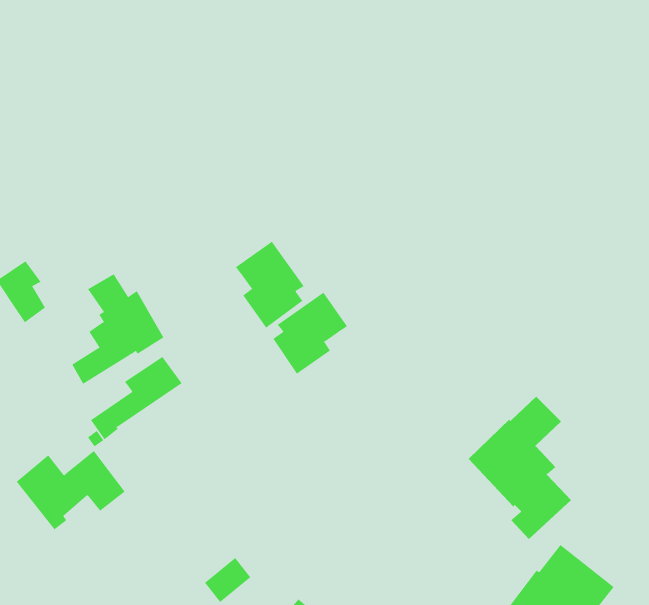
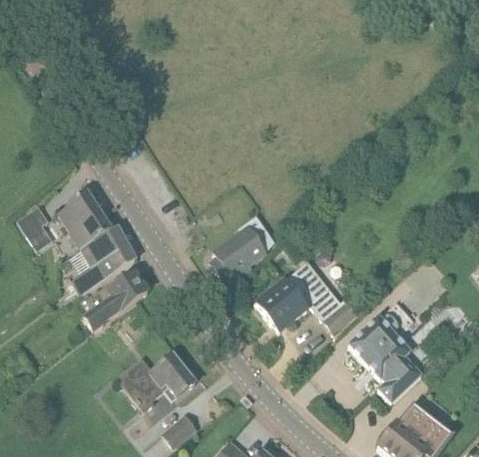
building: [235,241,304,329] -> none
building: none -> [58,193,100,249]
building: none -> [255,261,358,335]
building: [16,450,126,530] -> [118,353,195,409]

